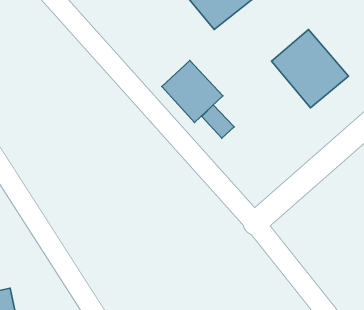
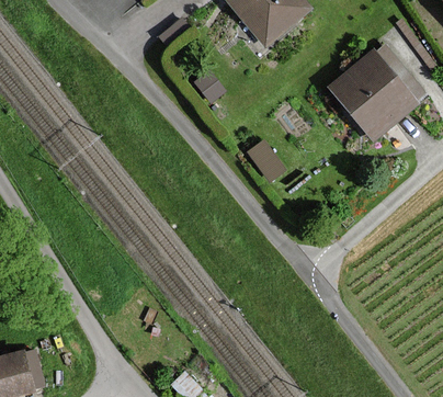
building: [162,61,223,123] -> none

